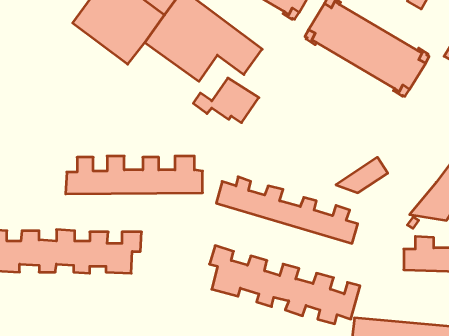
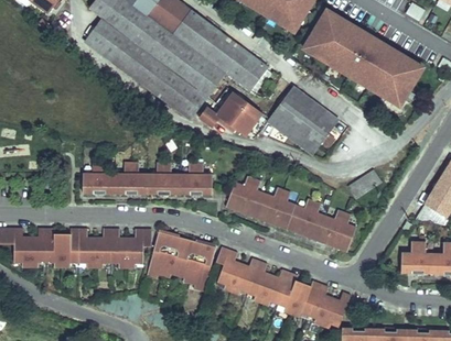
building: none -> [136,53,204,111]
building: none -> [267,80,339,150]
building: none -> [147,234,214,295]

